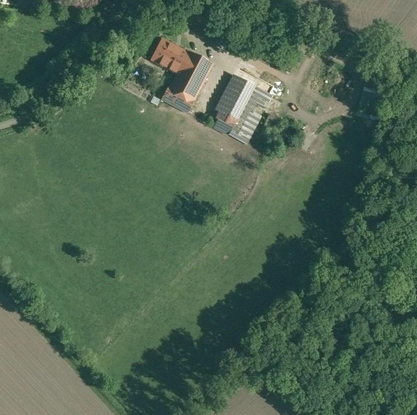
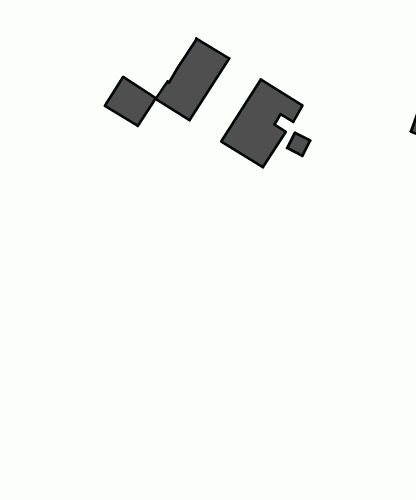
building: [148,36,186,72] -> [105,77,156,126]

